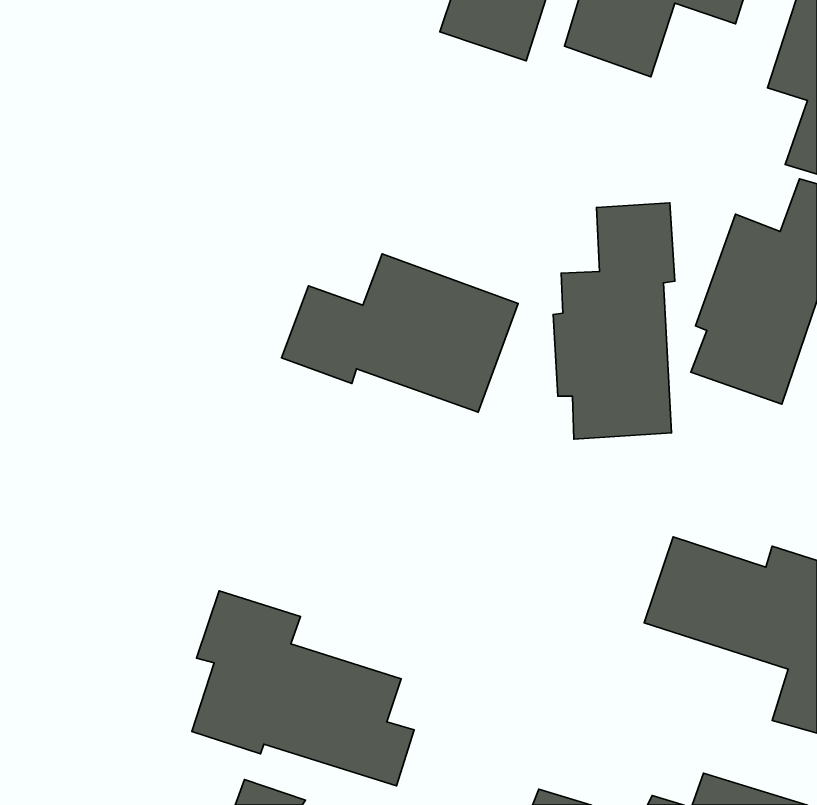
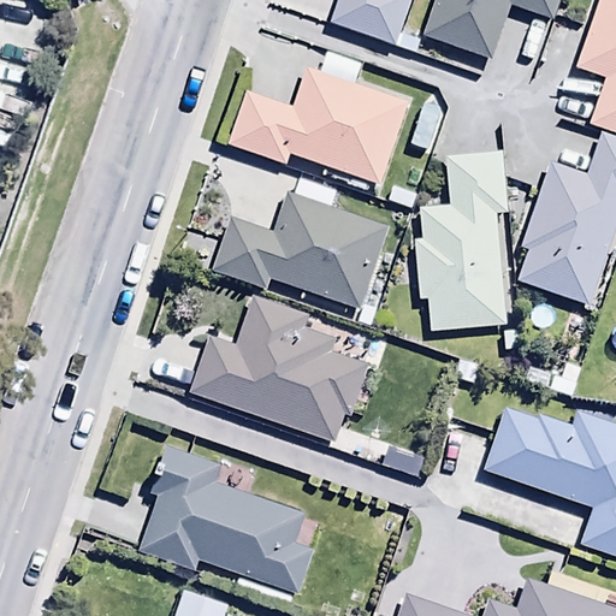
building: none -> [227,66,407,185]
building: none -> [190,300,369,438]

